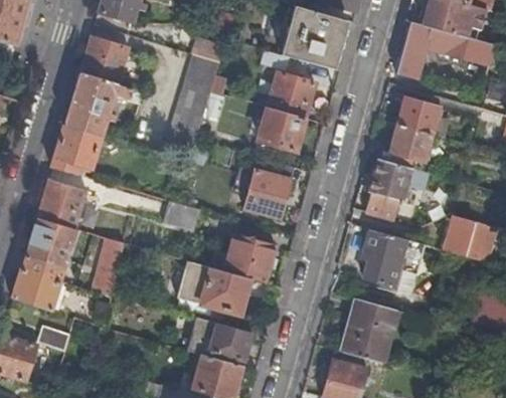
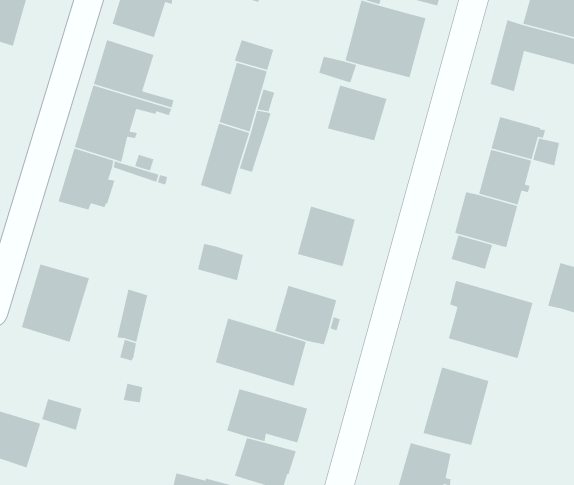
building: [259,109,305,152] -> none
building: [37,178,88,227] -> none
building: [13,267,61,309] -> none

